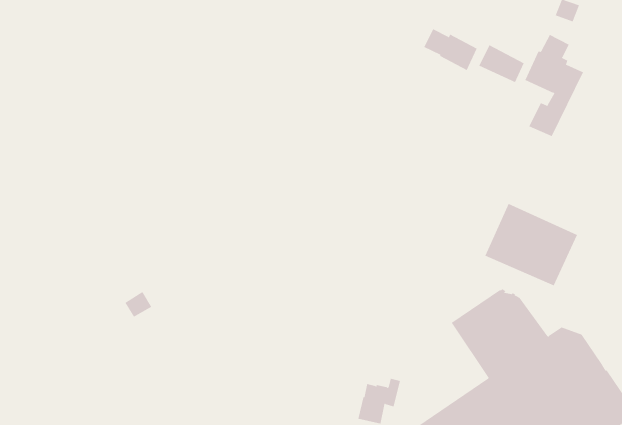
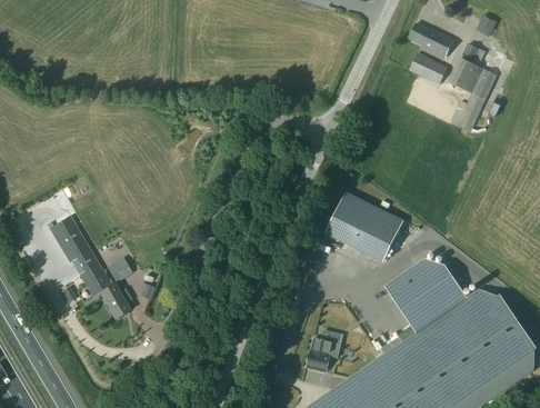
building: [424,29,478,71] -> [409,22,454,58]
building: [485,203,578,286] -> [323,193,402,263]
building: none -> [52,217,133,318]

